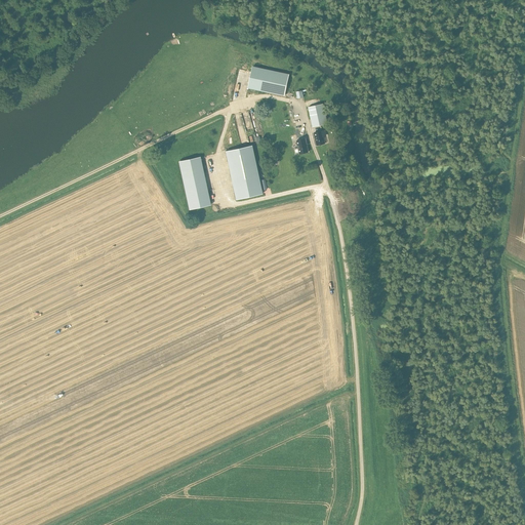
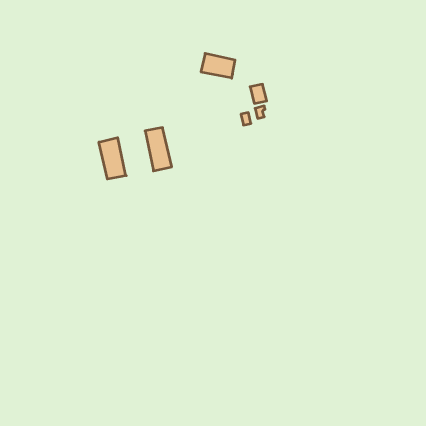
building: [225,146,262,200] -> none
building: none -> [99,138,126,179]

